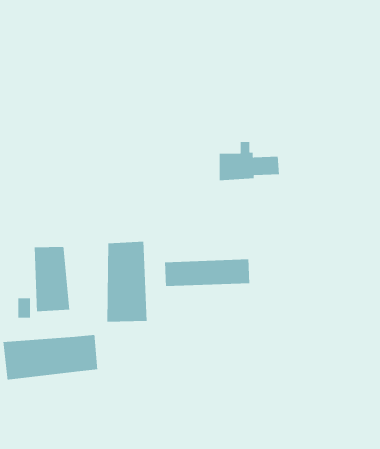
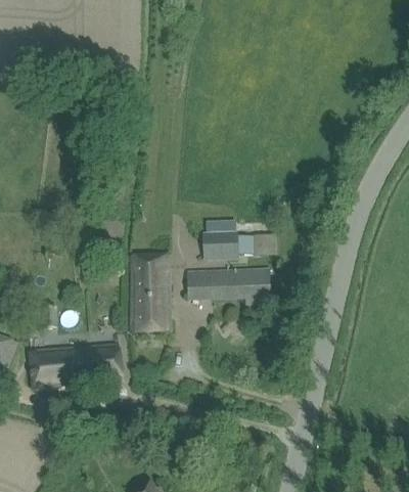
building: [219,141,280,181] -> [202,220,262,259]
building: [34,246,70,312] -> none

